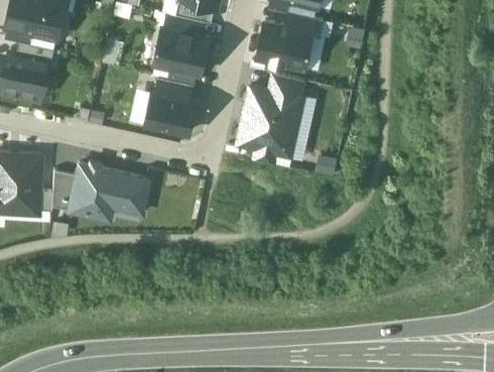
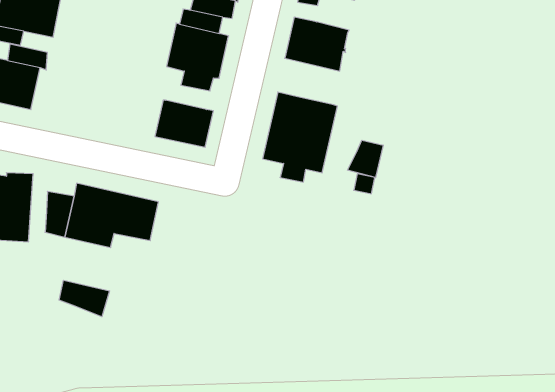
building: [284,12,323,35] -> none
building: [268,73,304,97] -> none
building: [154,78,193,101] -> none
building: none -> [348,140,383,178]
building: none -> [59,280,110,317]

